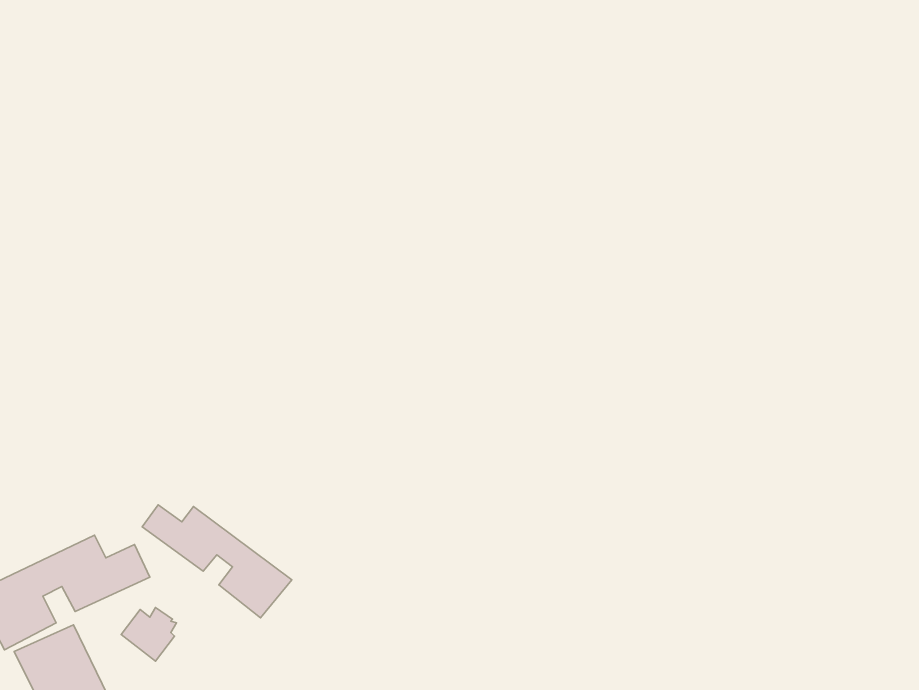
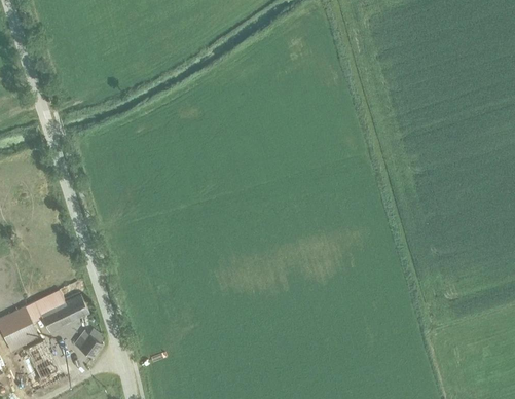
building: [142,505,292,618] -> none

